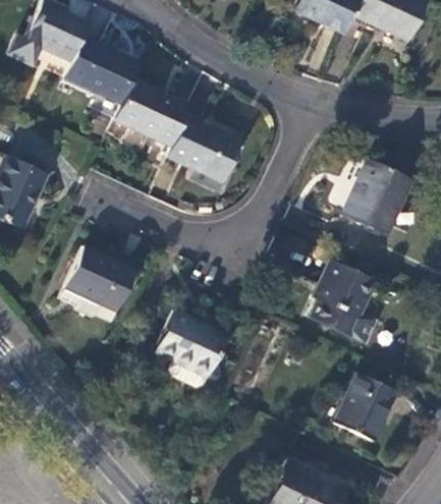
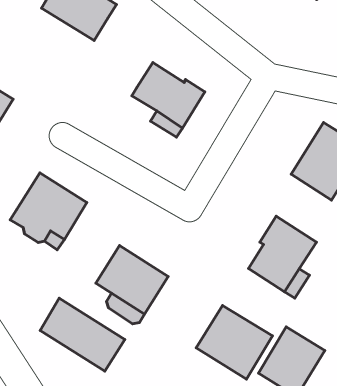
building: [115,79,191,147] -> none
building: none -> [196,306,272,379]
building: none -> [40,298,125,371]

